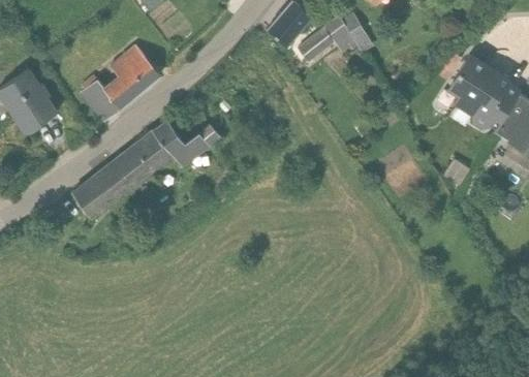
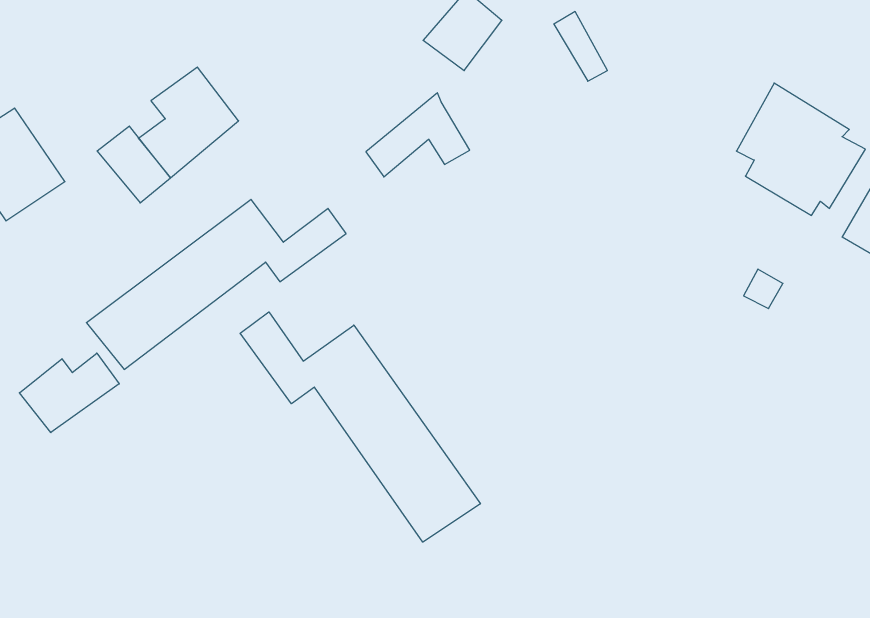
building: [298,14,357,63] -> [366,93,470,177]
building: none -> [240,312,480,542]
building: none -> [19,353,119,433]

